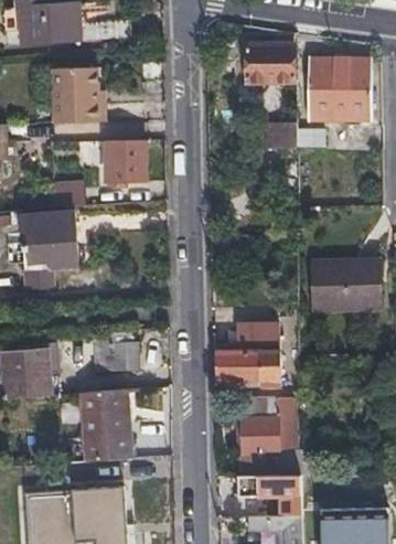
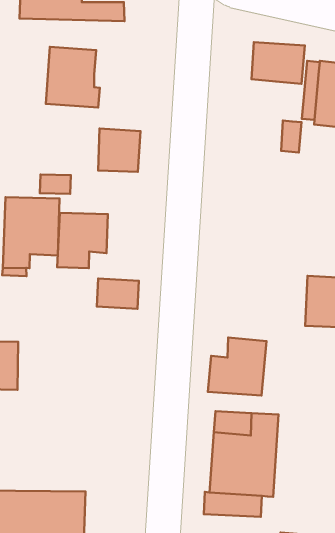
building: none -> [57,213,108,268]
building: [96,343,136,371] -> [97,278,139,309]
building: [81,391,129,460] -> none

